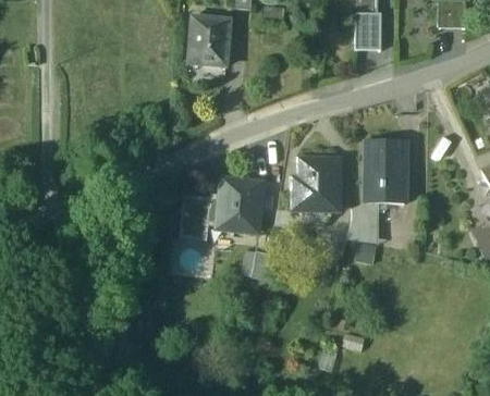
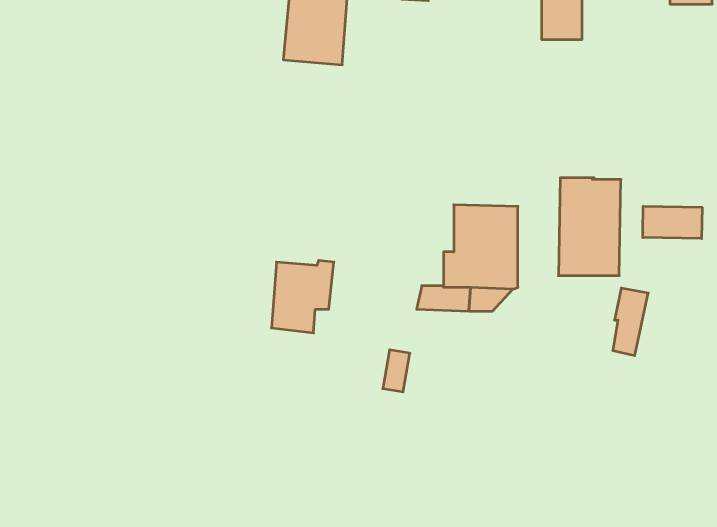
building: none -> [643,206,702,239]
building: [217,177,264,231] -> none
building: [355,216,378,260] -> [613,288,648,356]

